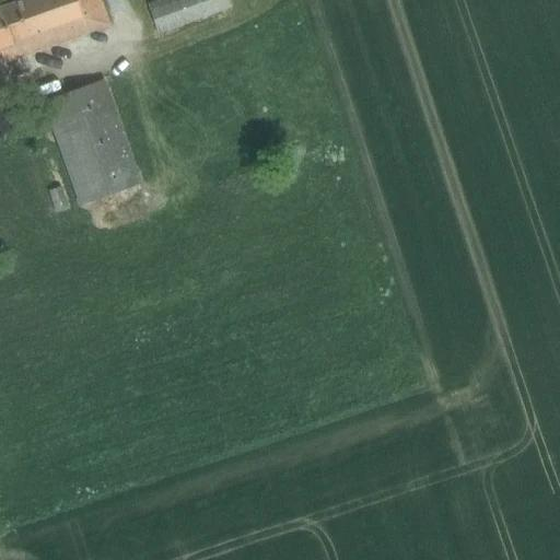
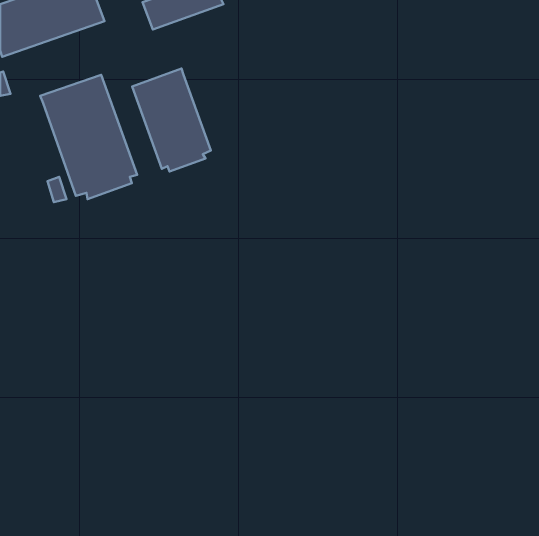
building: none -> [132,68,211,171]

